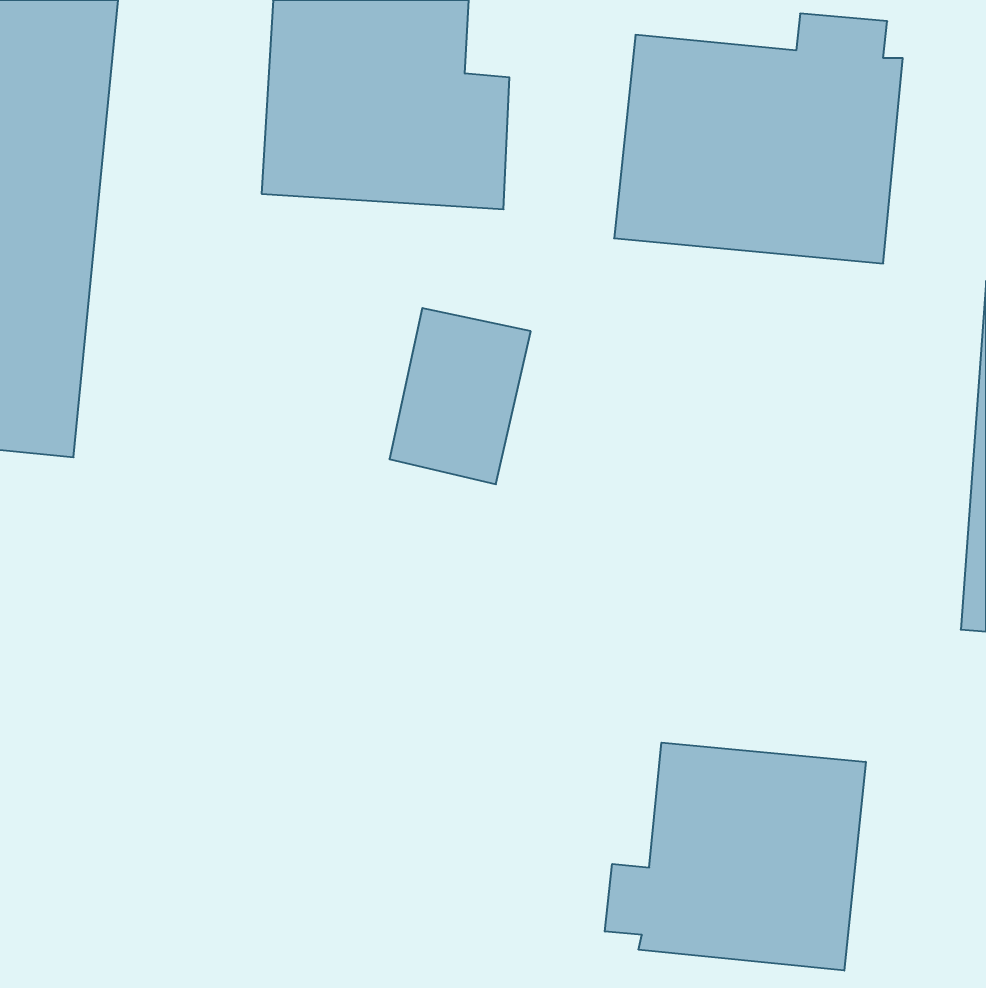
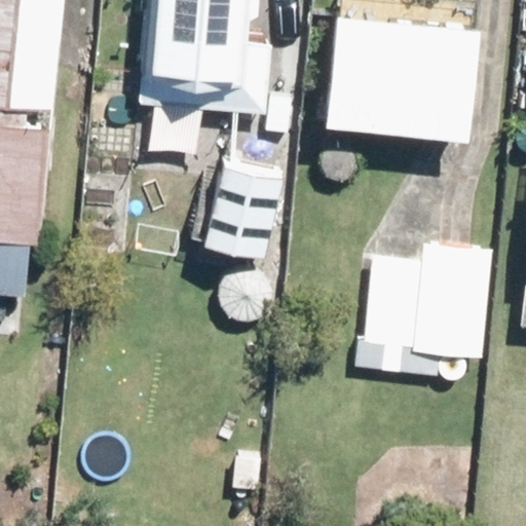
building: none -> [356,243,490,373]
building: [605,743,866,971] -> none

